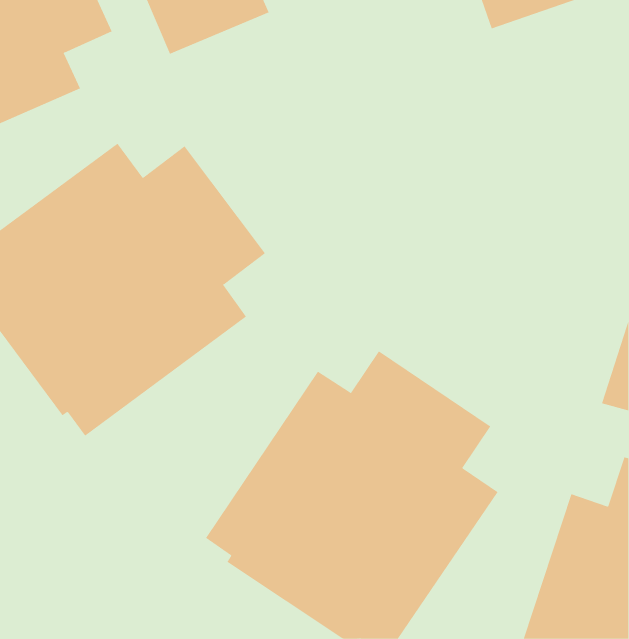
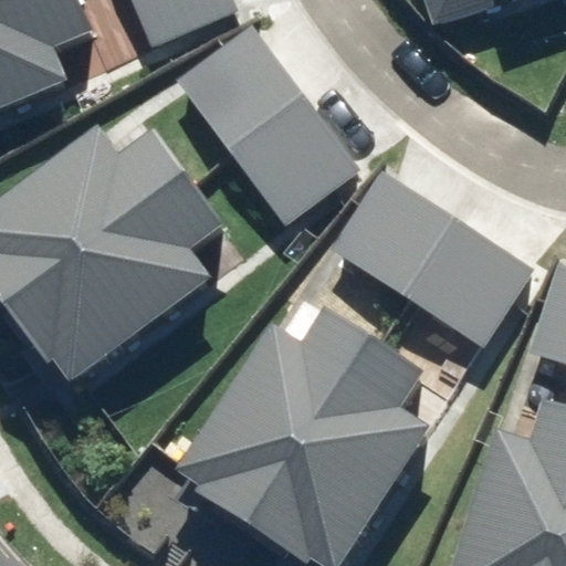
building: none -> [171,24,357,224]
building: none -> [325,168,528,347]

